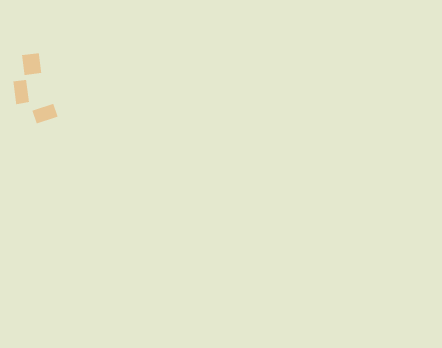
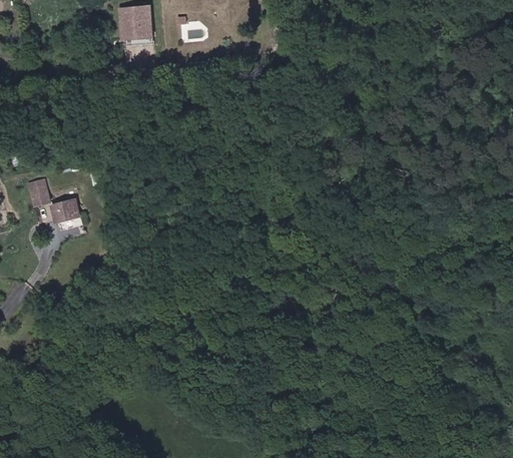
building: [21,52,42,76] -> none

